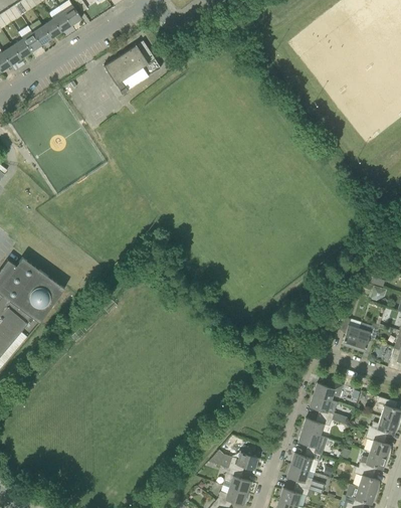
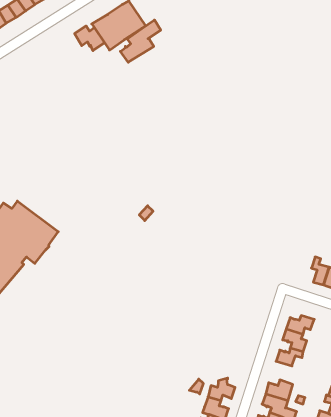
building: none -> [120,20,161,62]
building: none -> [75,26,104,51]
building: [297,430,327,455] -> none

